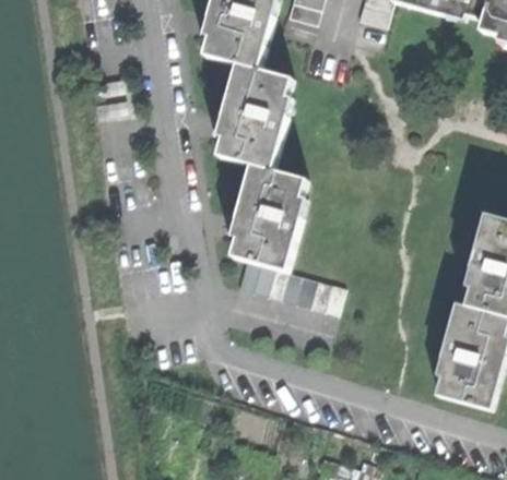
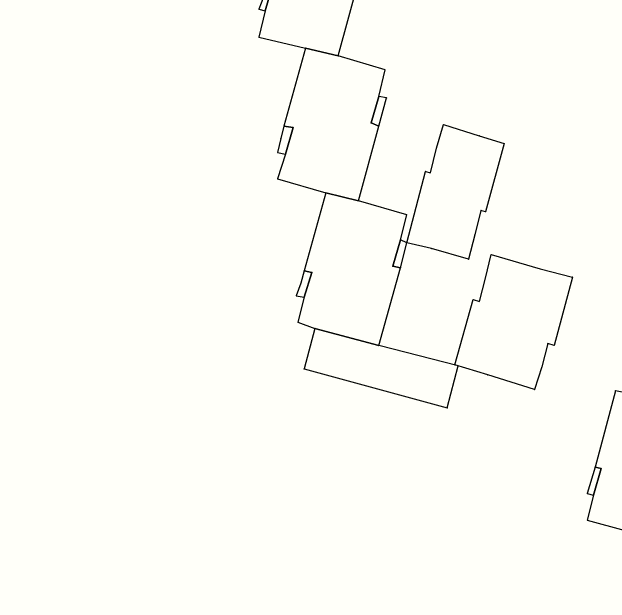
building: none -> [407,125,504,259]
building: none -> [455,255,572,390]

